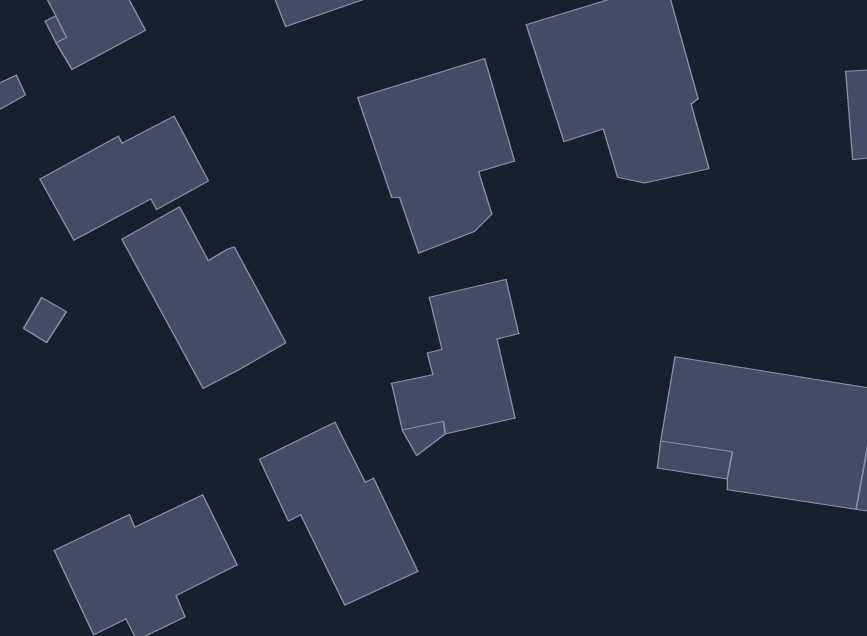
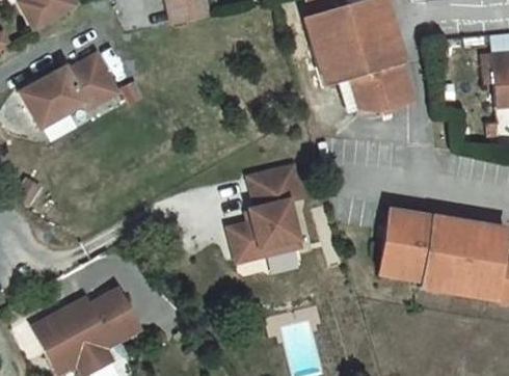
building: [358,59,514,253] -> none
building: [122,207,286,388] -> none
building: [260,422,418,605] -> none

